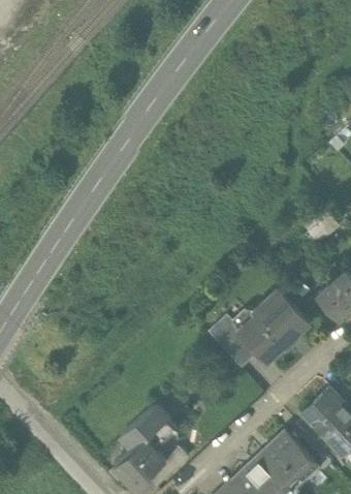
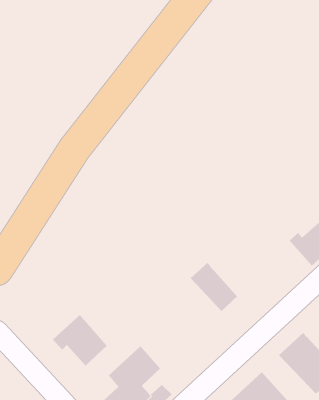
building: [232,288,309,361] -> none
building: none -> [52,314,108,367]

